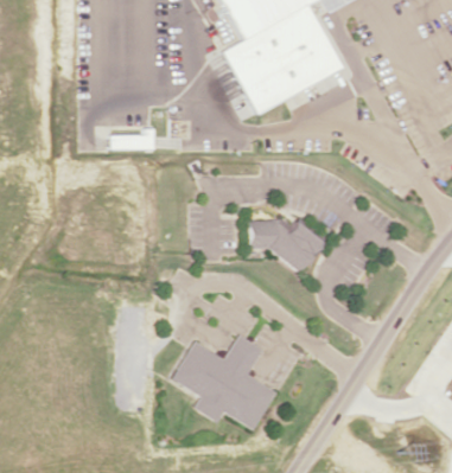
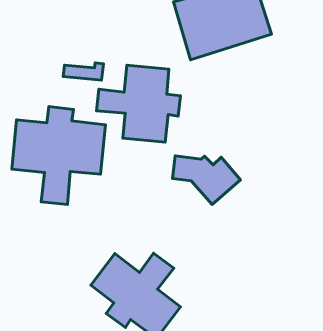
building: none -> [97,65,181,142]
building: none -> [12,106,105,205]

